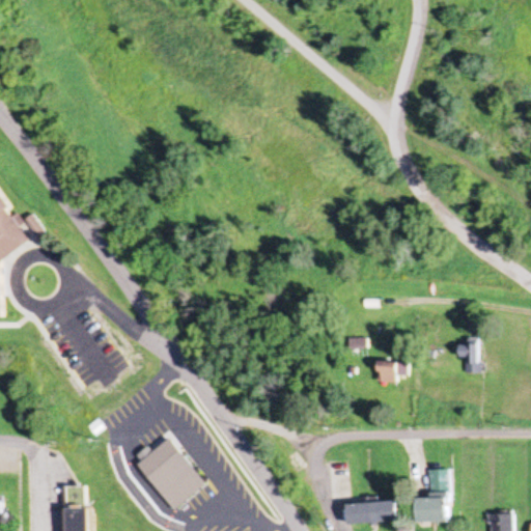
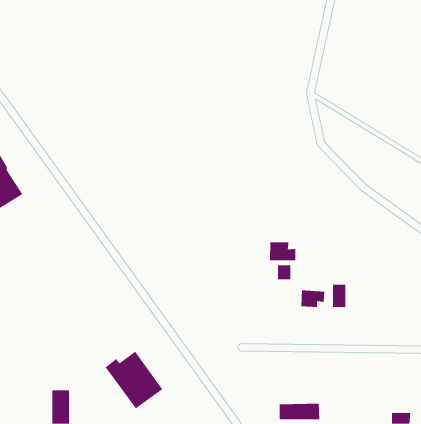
building: none -> [269,241,296,261]
building: [458,343,476,372] -> [332,284,346,307]
building: [415,469,448,522] -> none

